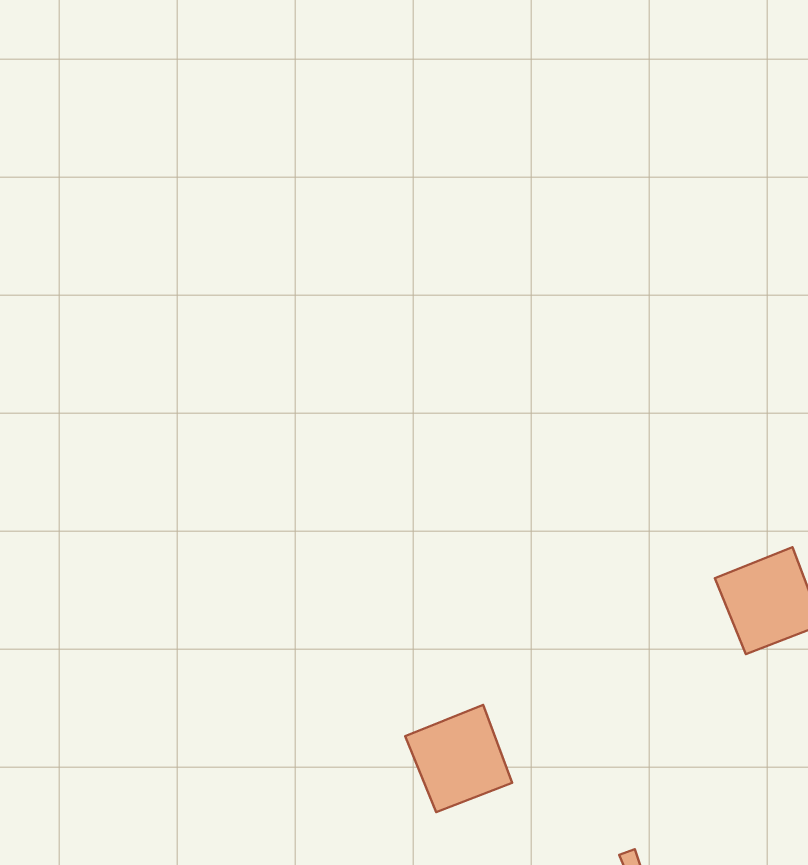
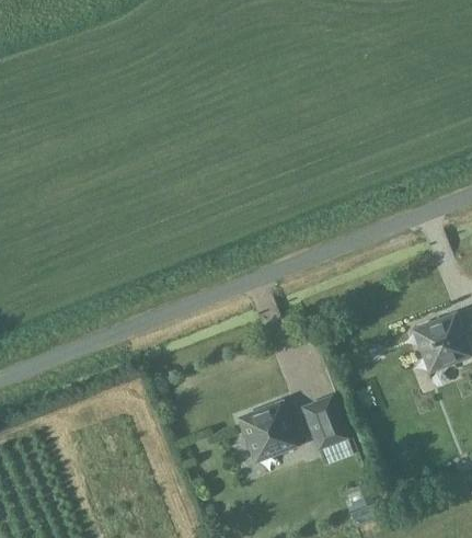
building: none -> [300,397,345,447]

